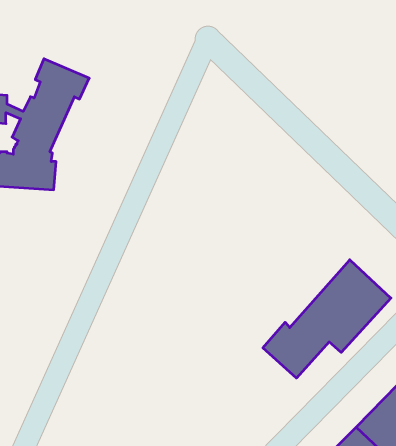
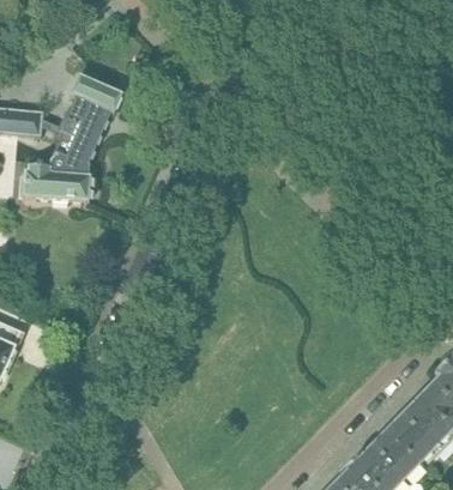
building: [263,260,391,378] -> none

